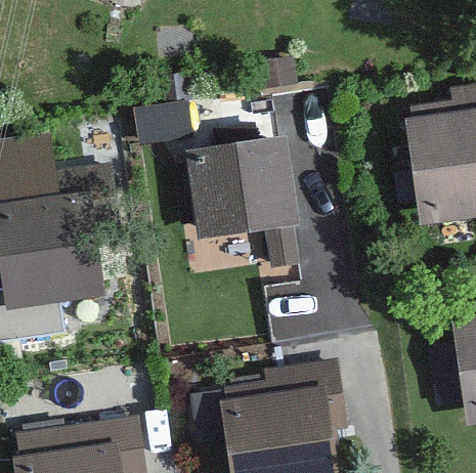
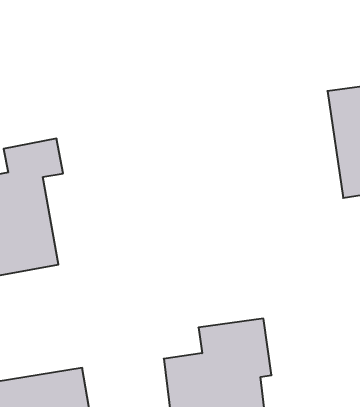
building: [182,132,296,264] -> none

